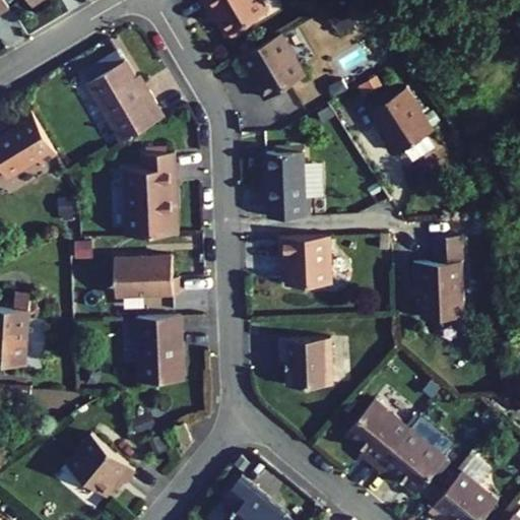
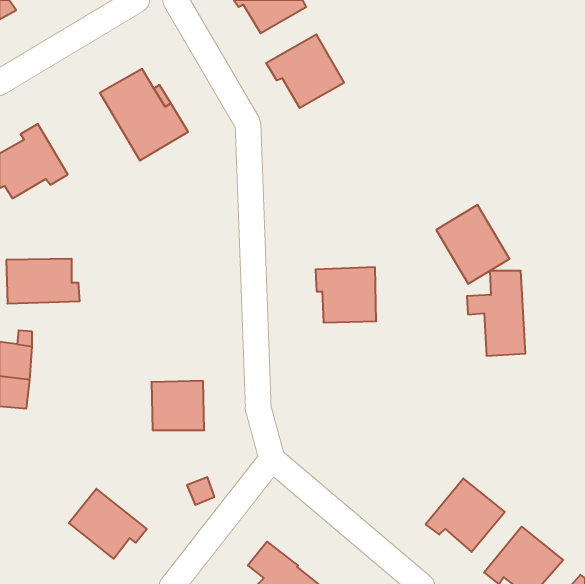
building: [373,88,438,158] -> [436,205,510,284]
building: [126,153,180,237] -> none
building: [266,153,306,218] -> none
building: [114,257,179,297] -> [6,259,80,304]
building: [133,317,180,340] -> none
building: [279,339,333,389] -> none
building: [346,396,410,466] -> none

